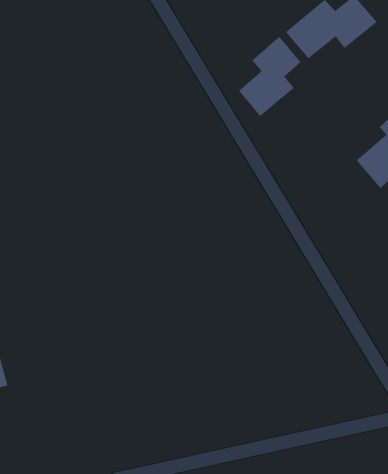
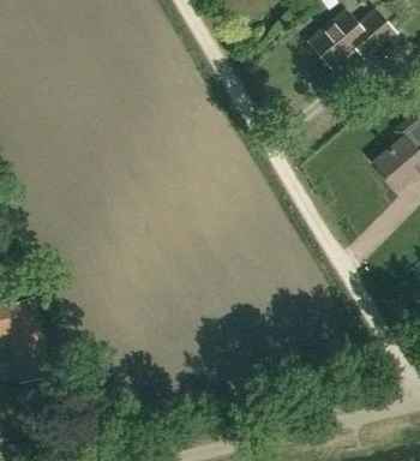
building: [238,36,301,117] -> none

